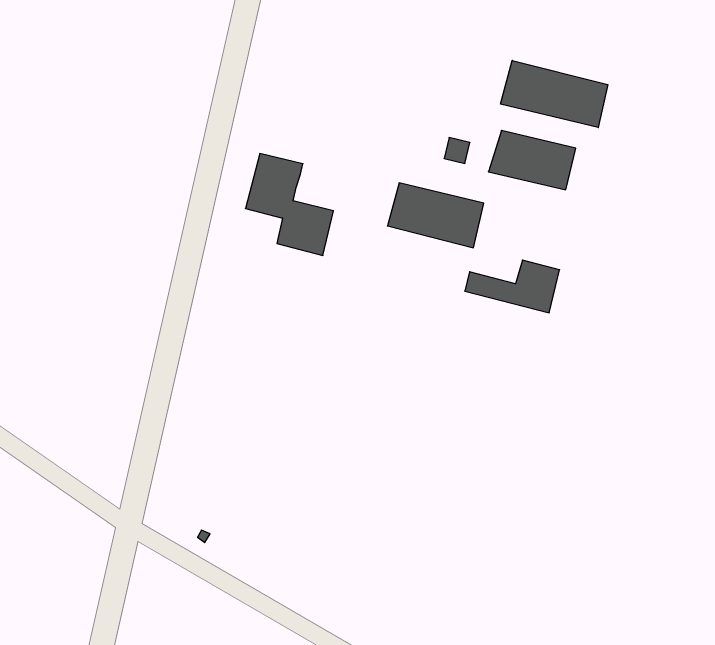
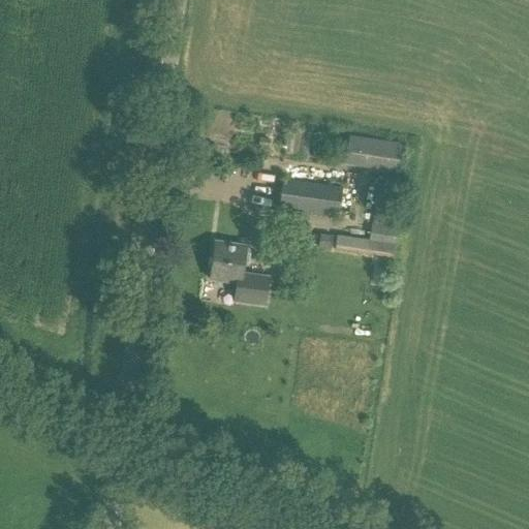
building: [501,60,608,128] -> none
building: [245,154,333,255] -> [210,240,270,305]

